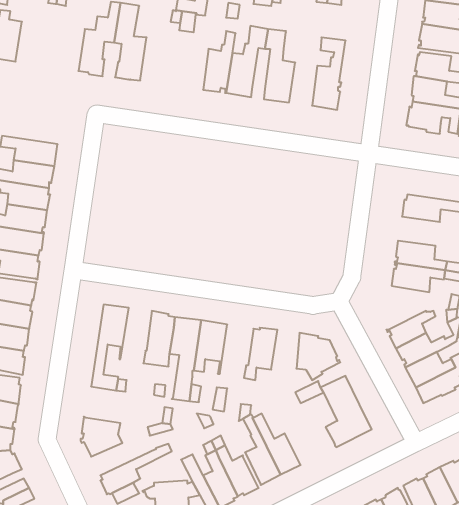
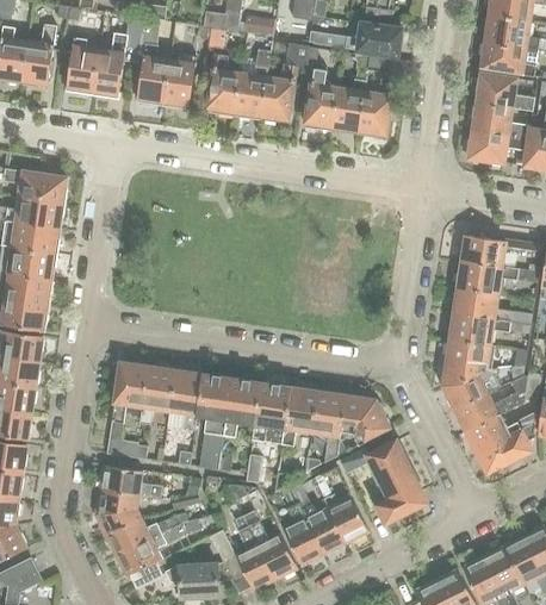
building: none -> [20,23,56,87]
building: none -> [308,23,402,55]
building: none -> [63,37,99,94]
building: none -> [204,51,240,116]
building: none -> [162,52,196,110]
building: none -> [331,54,368,133]
building: none -> [455,260,517,293]
building: none -> [443,338,491,388]
building: none -> [139,363,175,423]
building: none -> [253,382,291,441]
building: none -> [311,388,343,462]
building: none -> [99,464,161,497]
building: none -> [312,474,367,542]
building: none -> [104,513,180,554]

